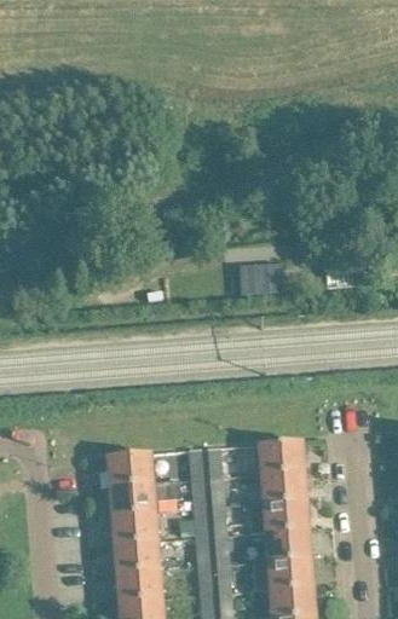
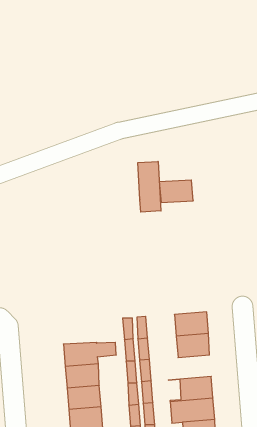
building: none -> [138,161,161,212]
building: [108,455,154,486] -> none
building: [248,501,308,534] -> none

